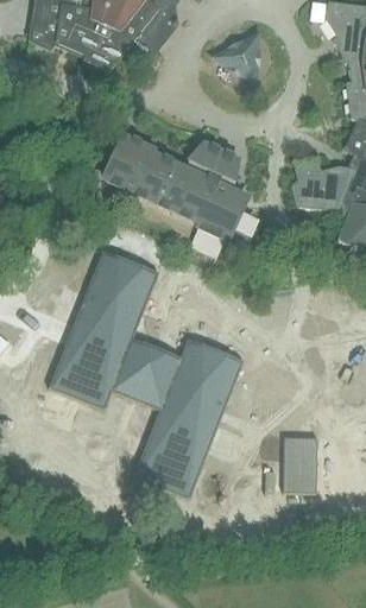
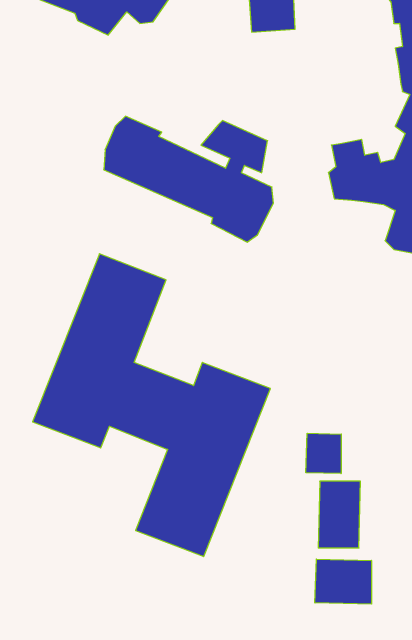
building: none -> [306,433,341,474]
building: none -> [315,559,372,604]

